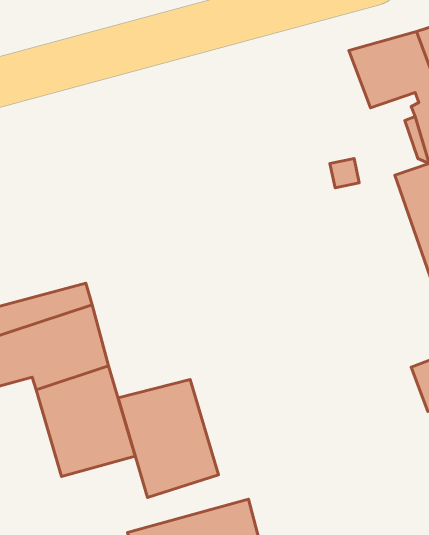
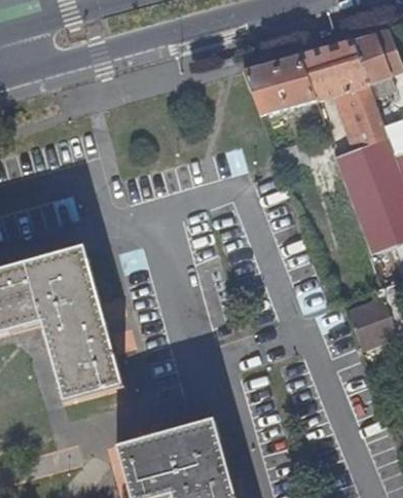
building: none -> [242,55,314,120]
building: [118,380,219,497] -> none

